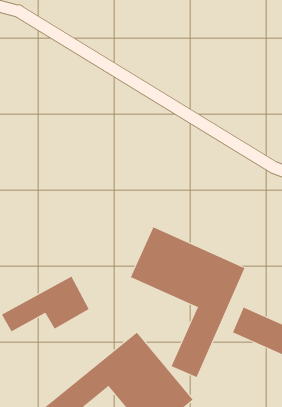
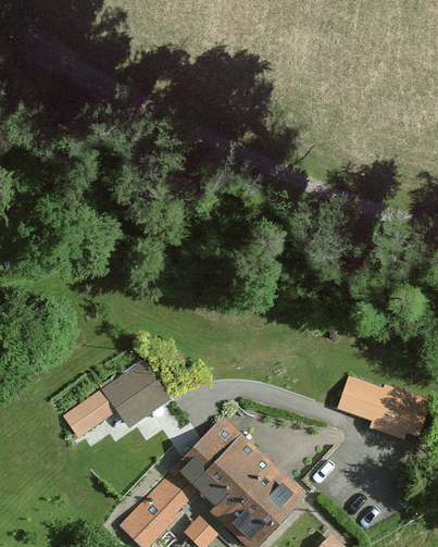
building: [130,226,245,378] -> none

